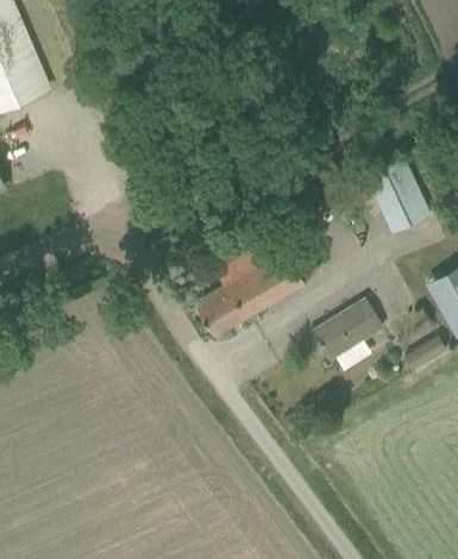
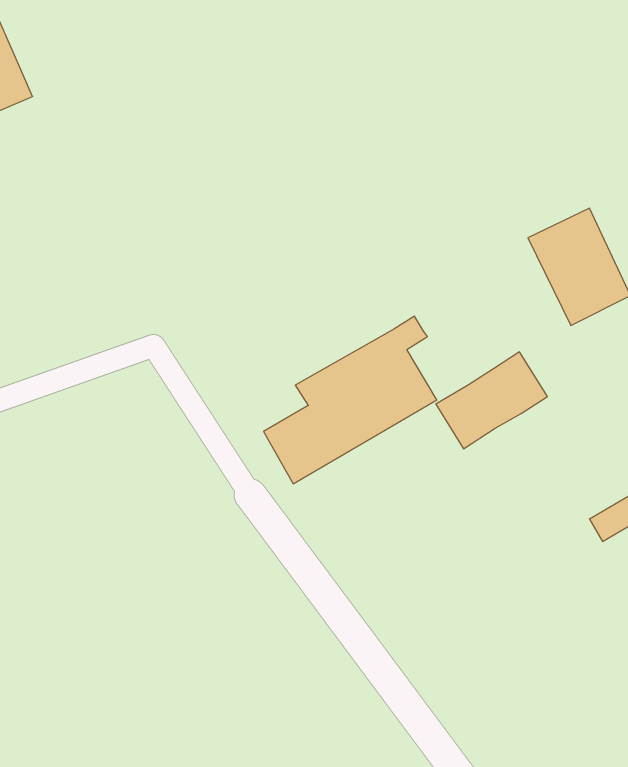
building: [313,300,384,362] -> [436,352,547,449]

